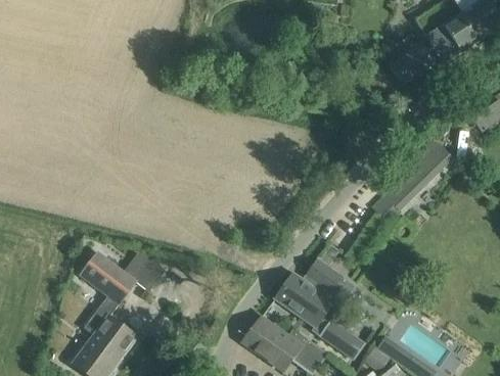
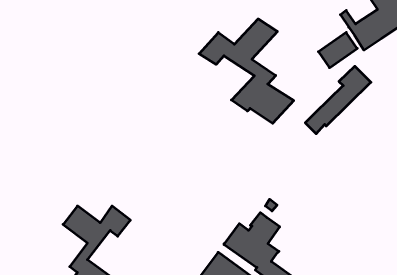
building: none -> [199,19,294,123]
building: [371,138,451,220] -> [305,66,371,134]

